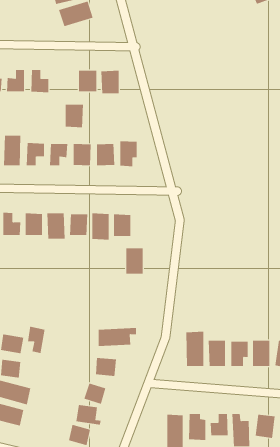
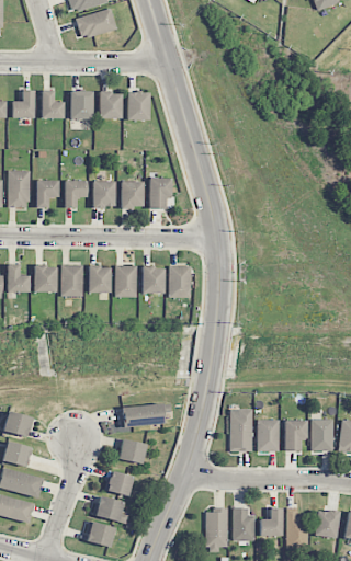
building: [65,104,84,128] -> [70,90,93,118]
building: [126,248,144,274] -> [169,265,191,297]
building: [27,326,45,354] -> none

